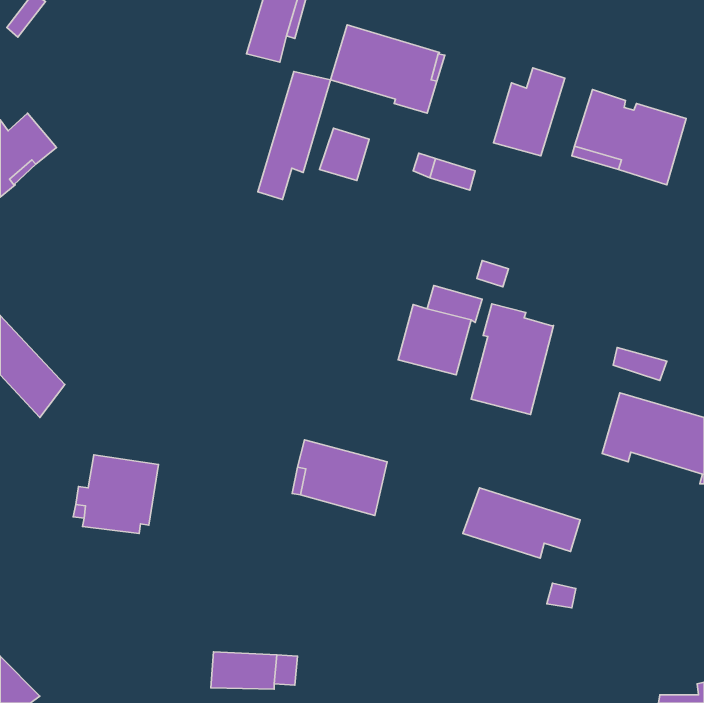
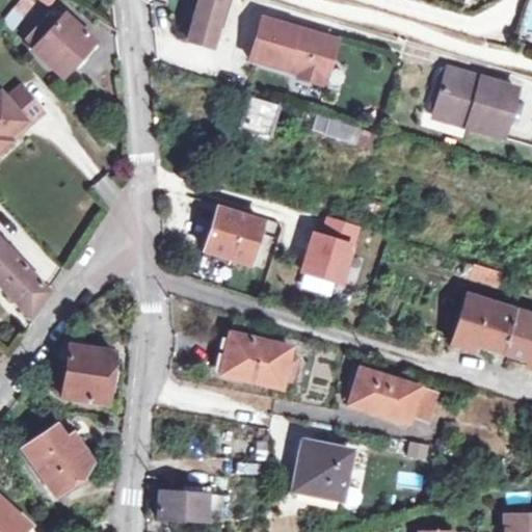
building: none -> [29,12,95,75]
building: [493,68,565,156] -> none
building: [258,72,331,200] -> none
building: none -> [204,204,262,262]
building: [471,304,554,415] -> none
building: none -> [25,421,85,495]
building: none -> [294,441,352,497]

